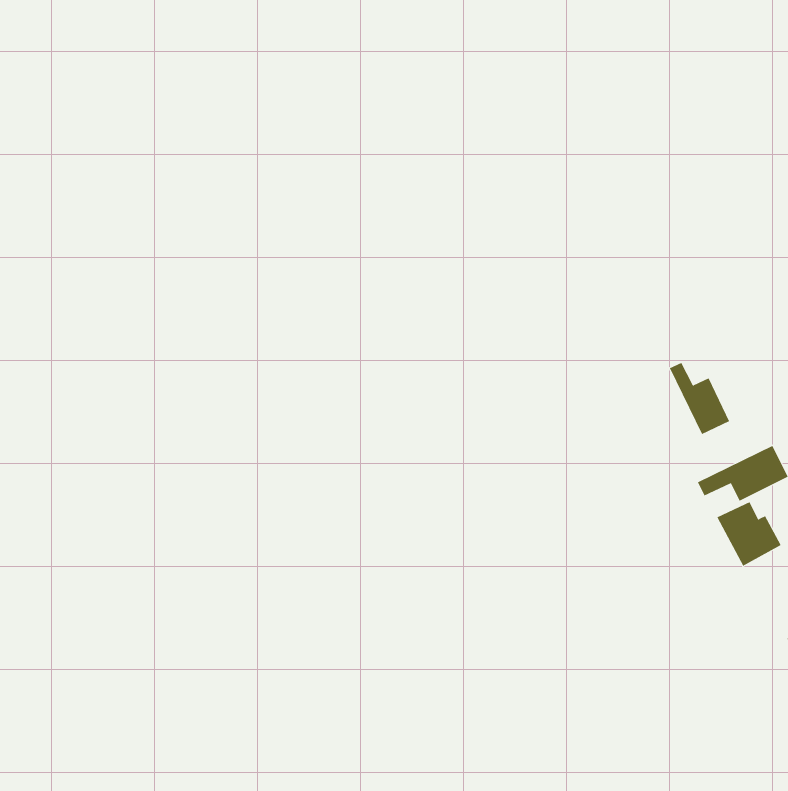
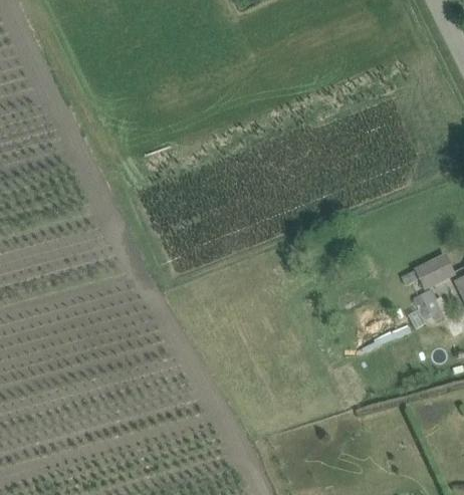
building: [669,362,730,435] -> none

